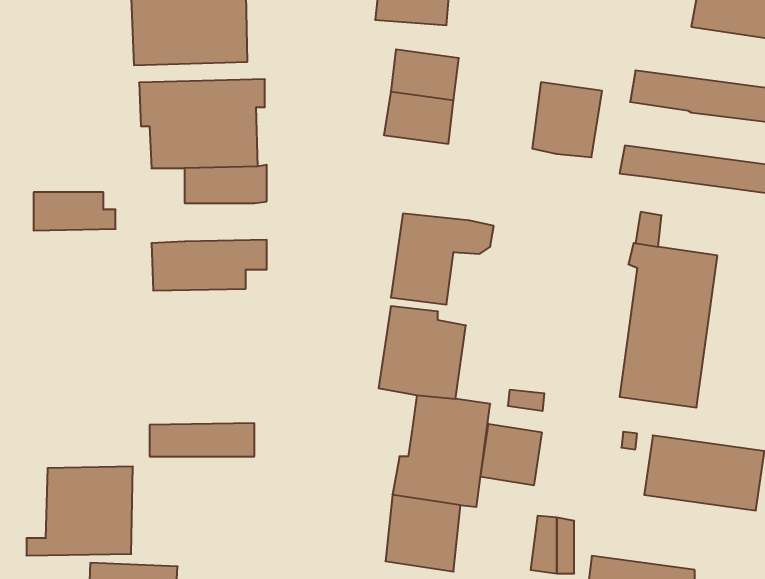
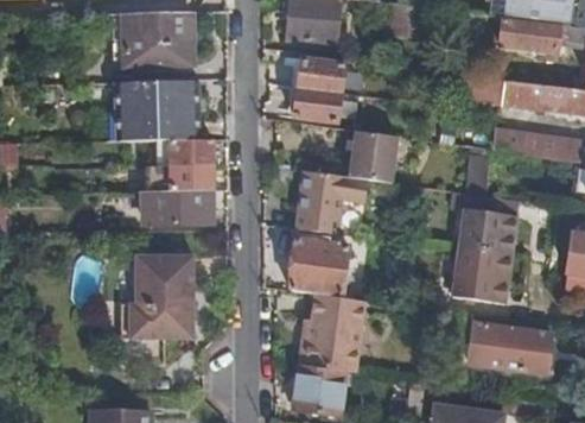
building: [532,82,602,157] -> [350,131,398,182]
building: [34,192,116,231] -> [157,164,212,190]
building: [480,424,542,485] -> none
building: [26,467,133,556] -> [133,254,205,315]

